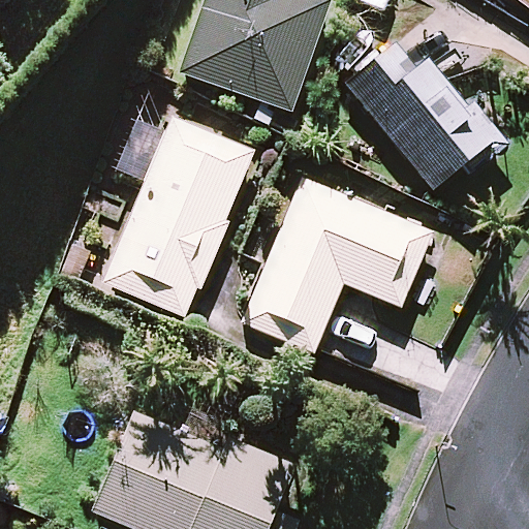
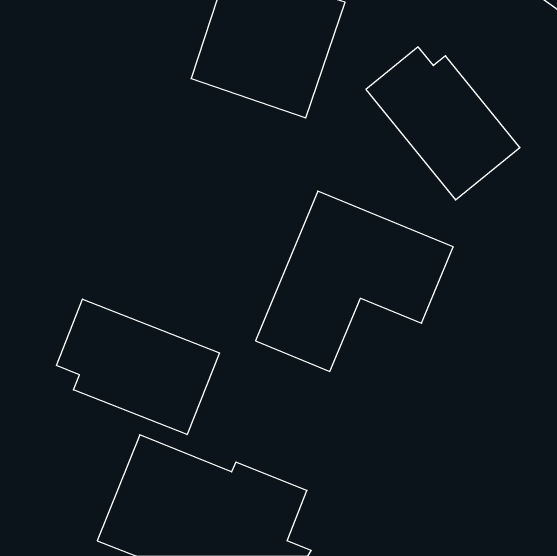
building: [104,118,252,316] -> none
building: none -> [56,299,219,435]

